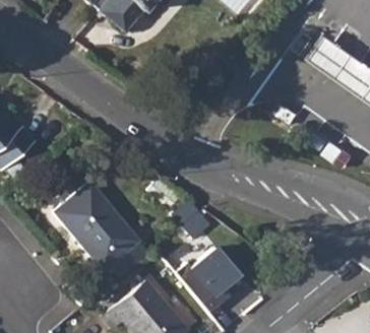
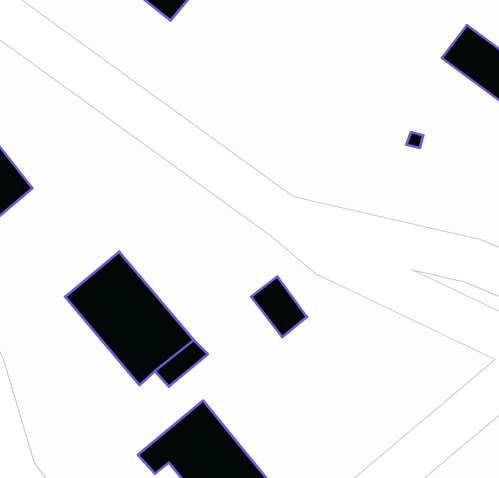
building: [180,245,249,312] -> none

